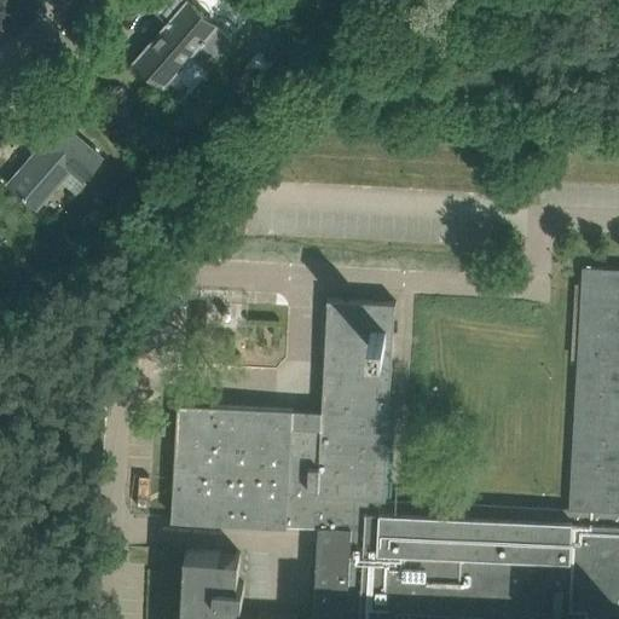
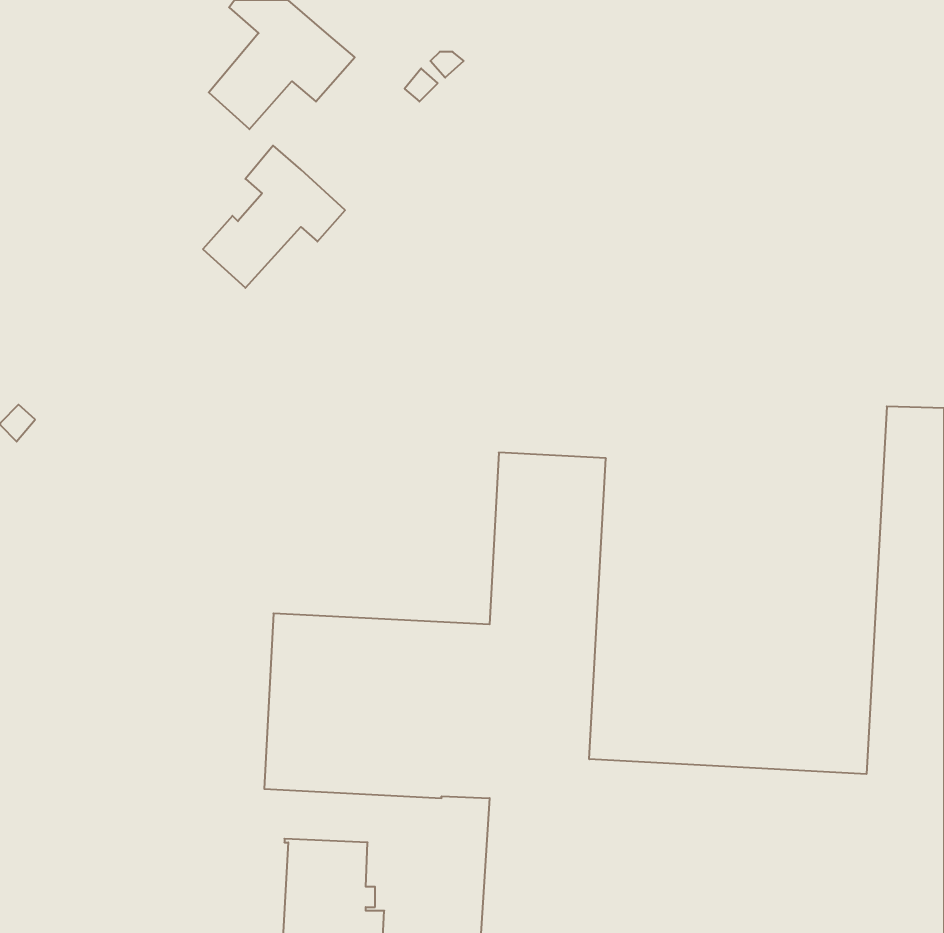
building: [7,122,100,215] -> [203,146,345,288]

